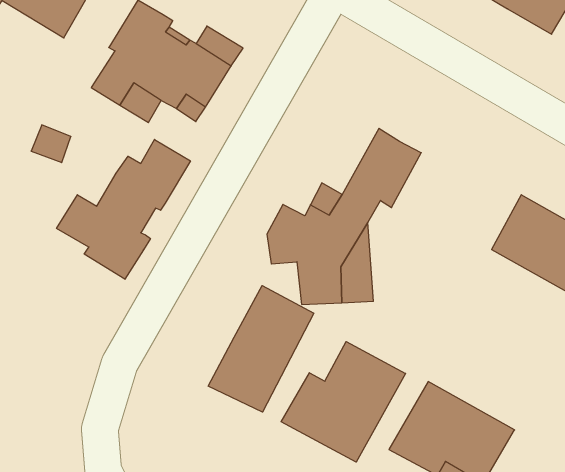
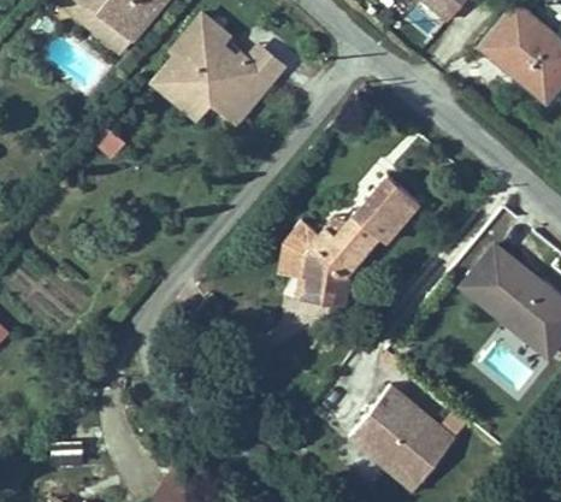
building: [57,139,190,279] -> none
building: [208,286,314,412] -> none
building: [281,342,406,462] -> none

